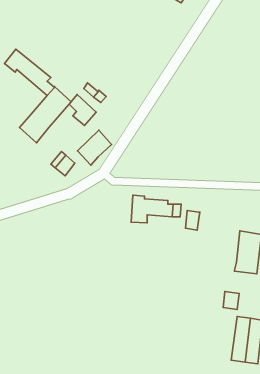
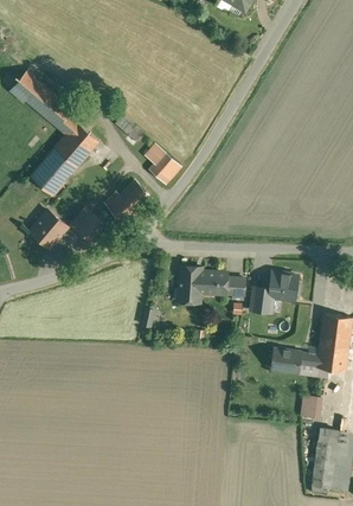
building: [69,94,96,126] -> [146,143,181,185]
building: none -> [31,211,68,249]
building: none -> [269,271,300,300]
building: none -> [270,347,319,372]

